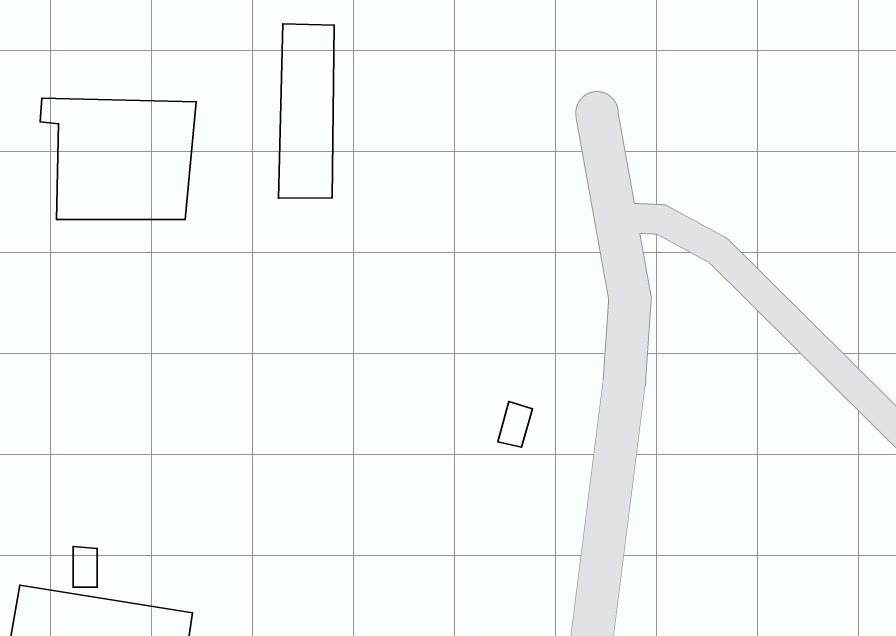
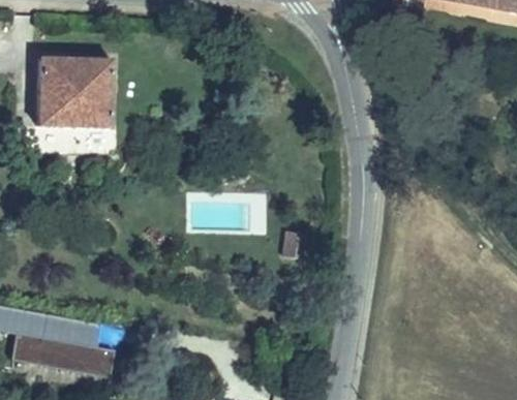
building: [278,24,334,198] -> none

